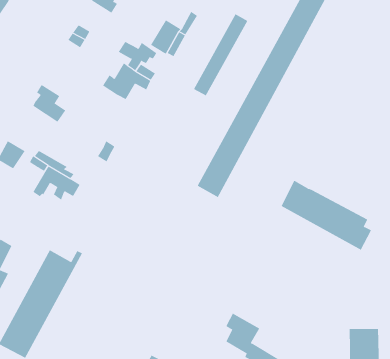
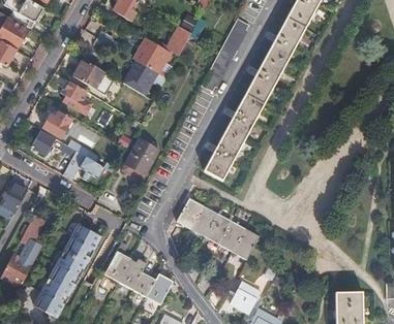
building: none -> [73,59,105,89]
building: none -> [43,111,72,138]
building: none -> [126,139,158,177]
building: [281,180,372,251] -> [177,198,255,259]
building: none -> [105,252,174,304]

